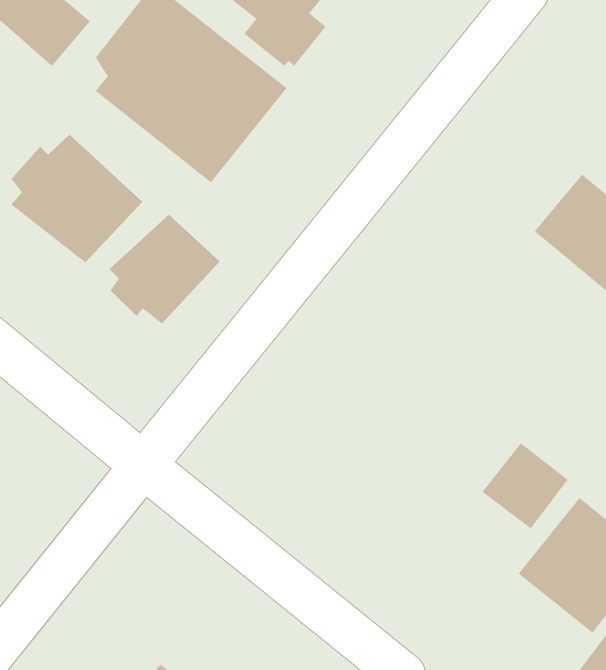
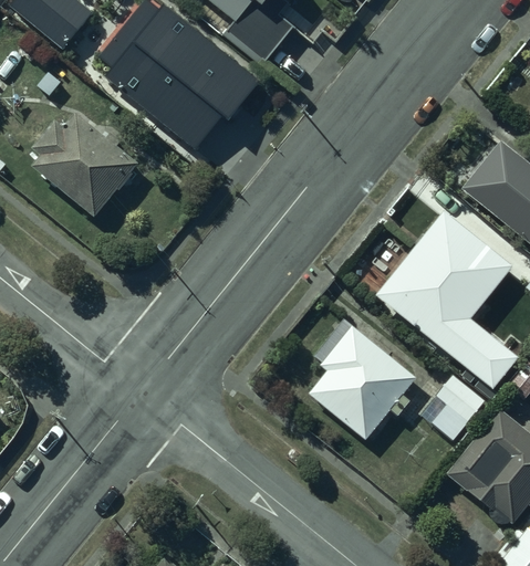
building: [108,214,221,325] -> none
building: none -> [375,208,516,385]
building: none -> [318,325,424,441]

